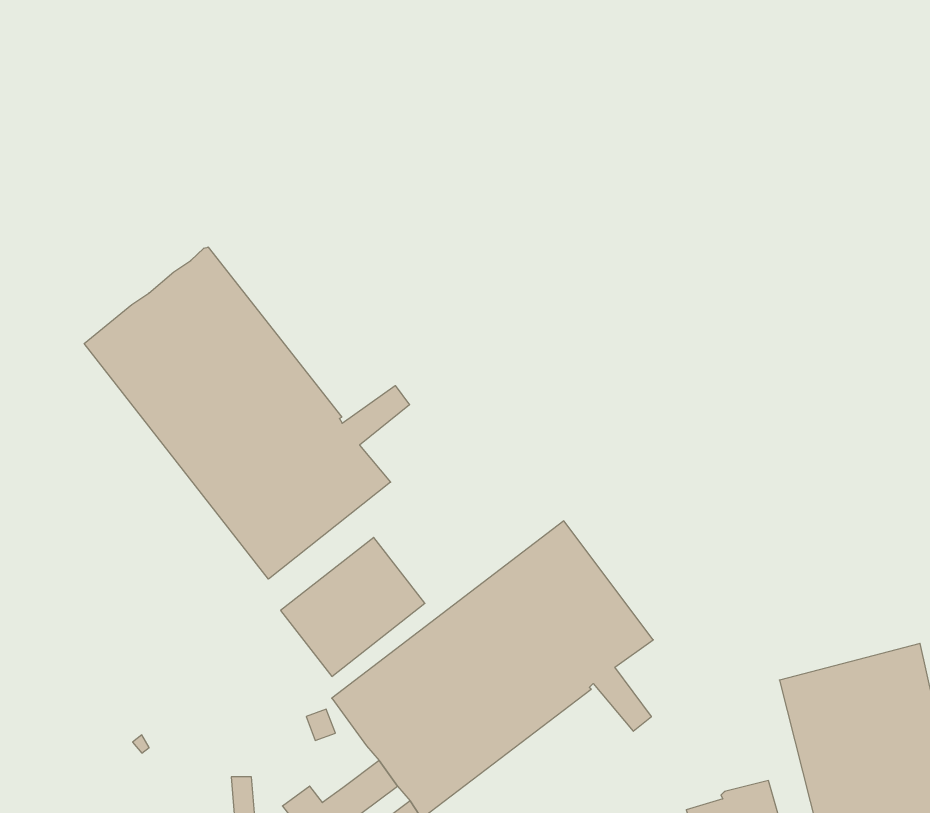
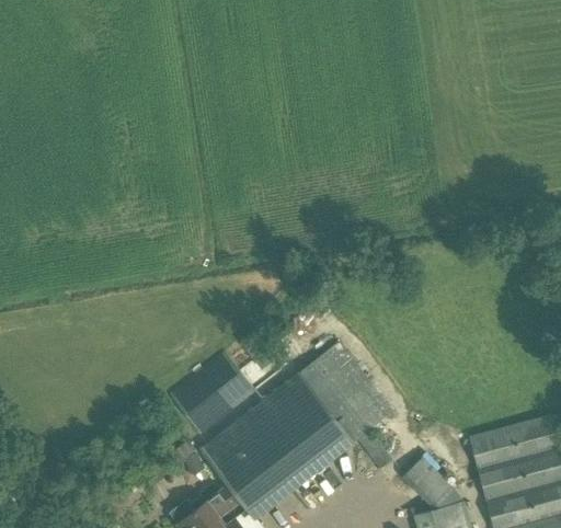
building: [84,247,410,579] -> none
building: none -> [401,457,455,507]

